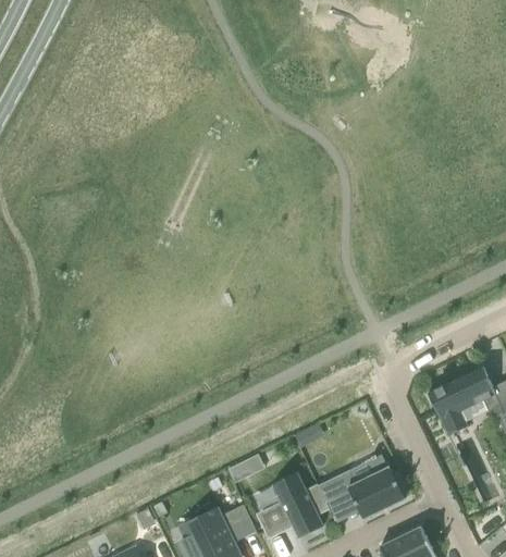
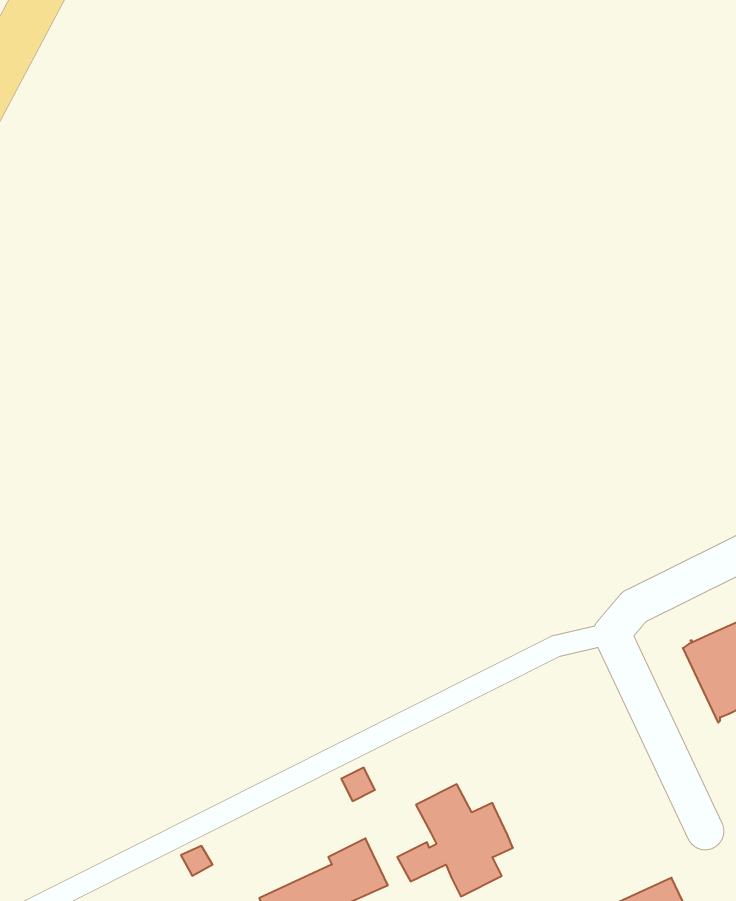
building: [319,467,406,518] -> none

